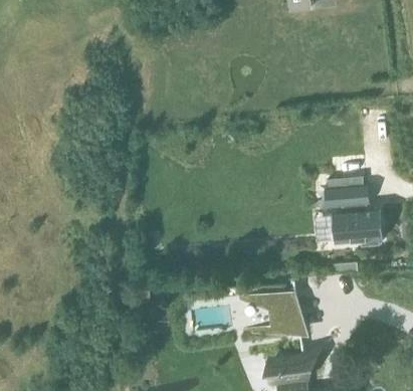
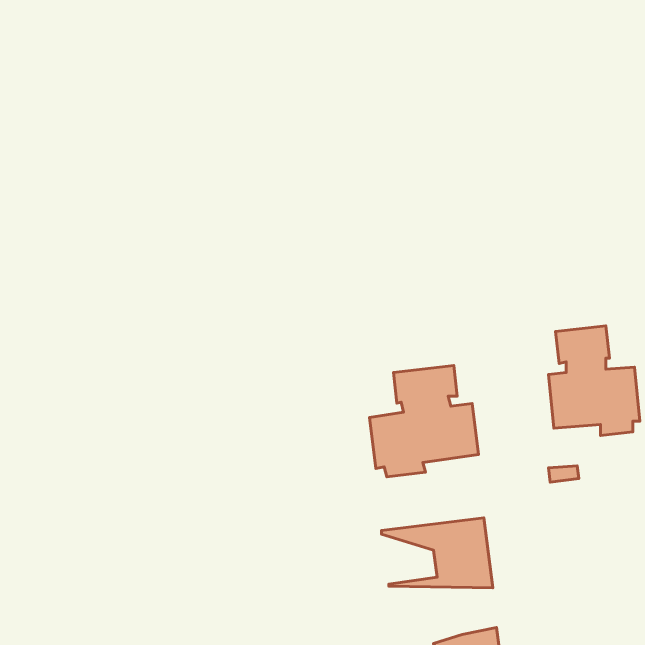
building: none -> [370,365,478,477]

